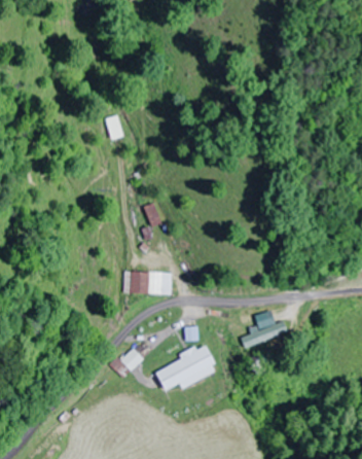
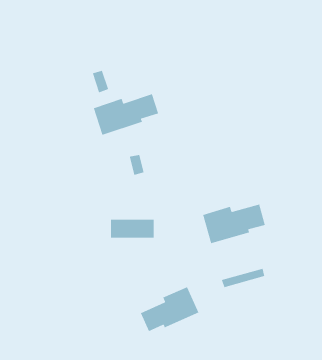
building: none -> [93,93,159,136]
building: none -> [202,203,266,244]

